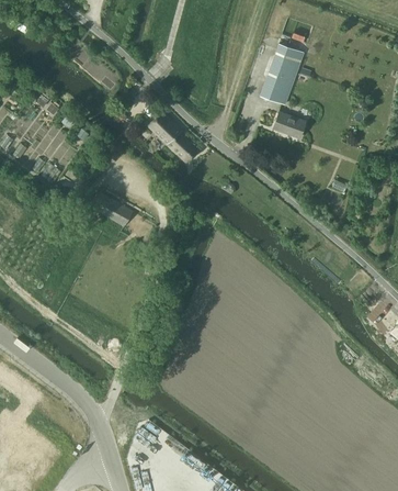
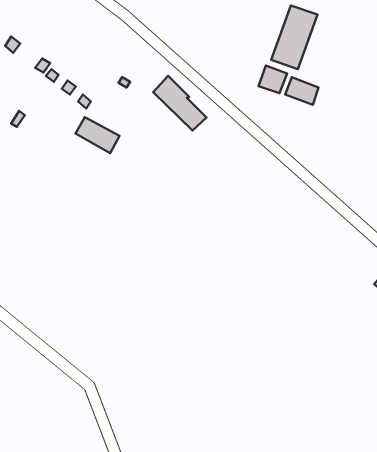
building: none -> [259,66,287,93]
building: [91,193,133,227] -> [75,117,119,153]

